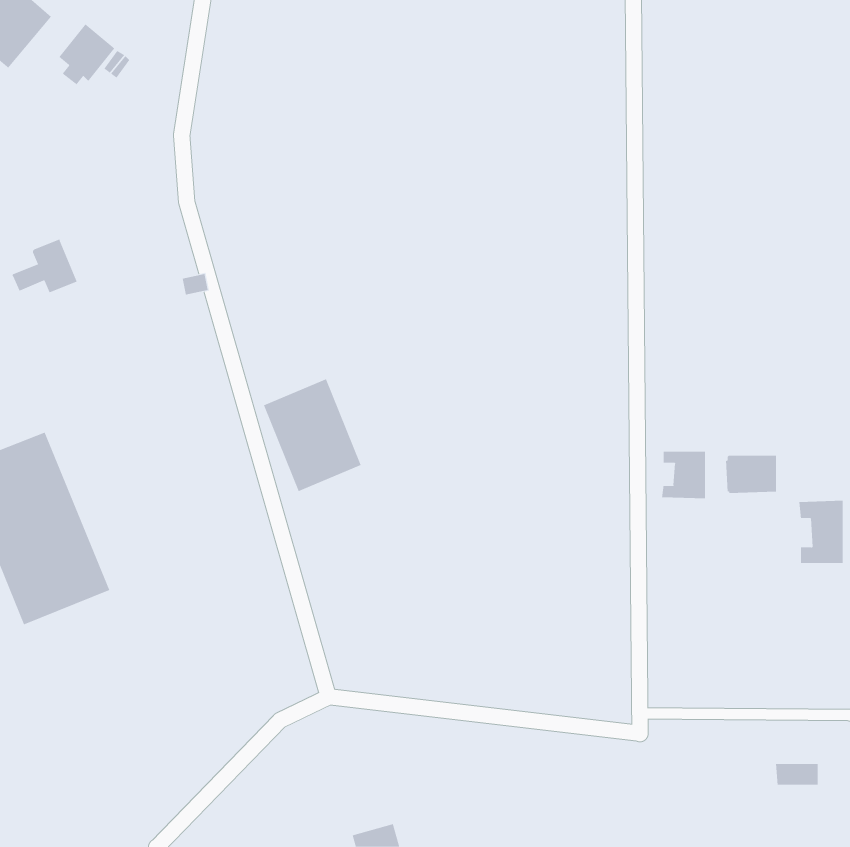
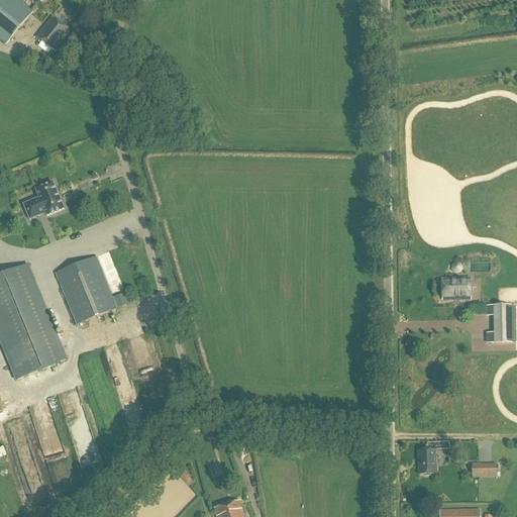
building: [11,239,77,294] -> [22,181,63,214]
building: [263,378,362,492] -> [56,254,115,323]
building: [661,451,706,499] -> none
building: none -> [418,449,436,474]

